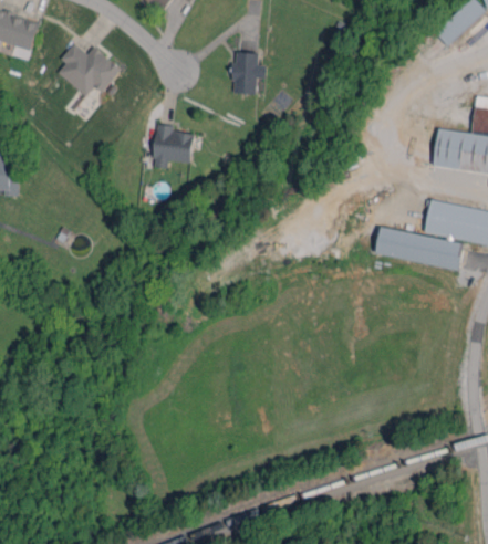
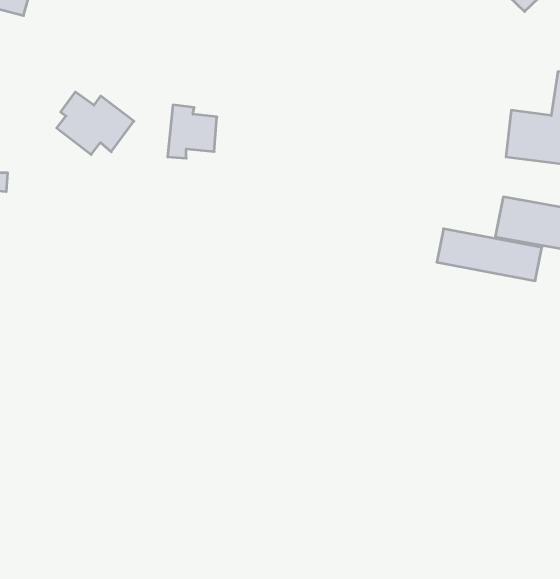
building: [56,43,121,95] -> [57,92,134,155]
building: [231,52,266,94] -> none

